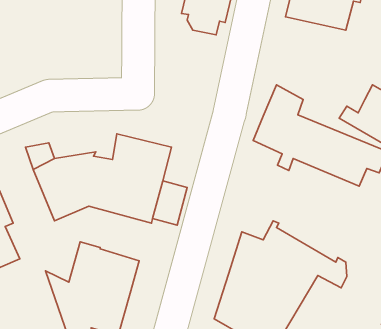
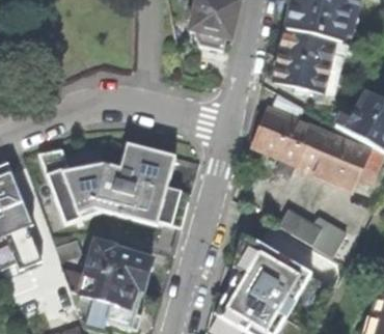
building: none -> [274,31,347,92]
building: none -> [277,211,345,259]

